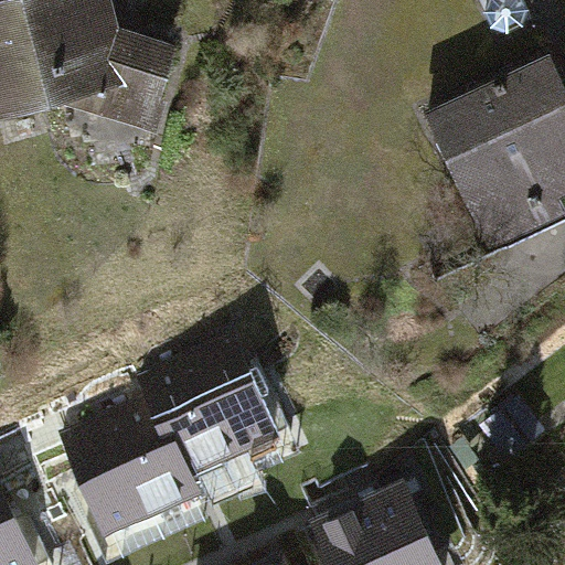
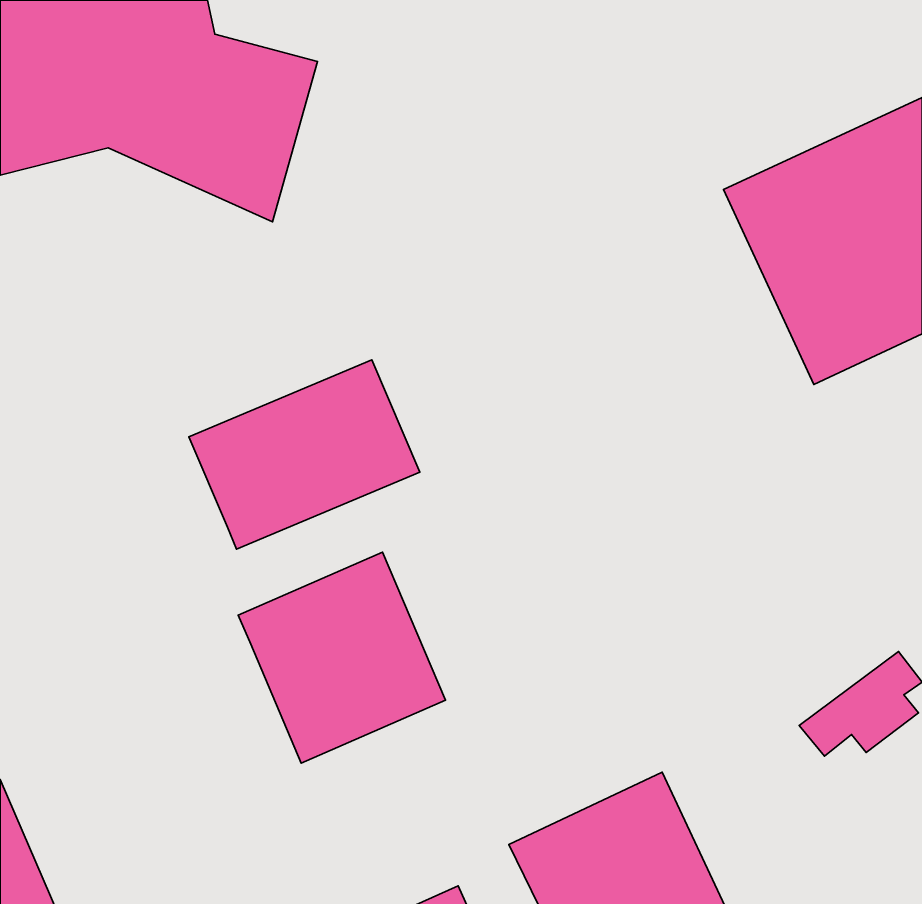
building: none -> [189,360,420,549]
building: [65,405,192,532] -> none

